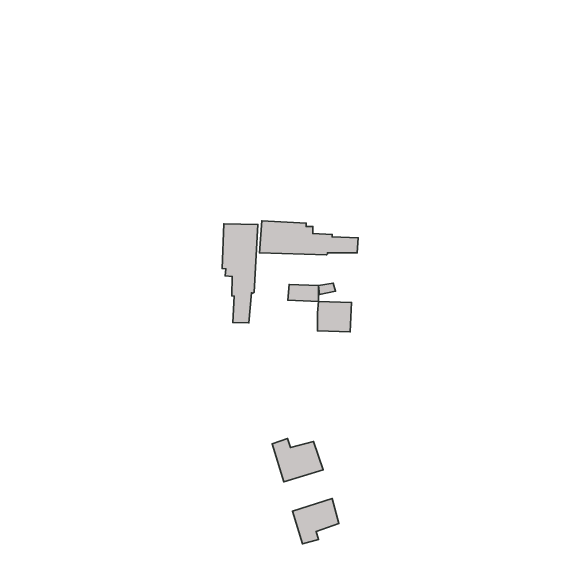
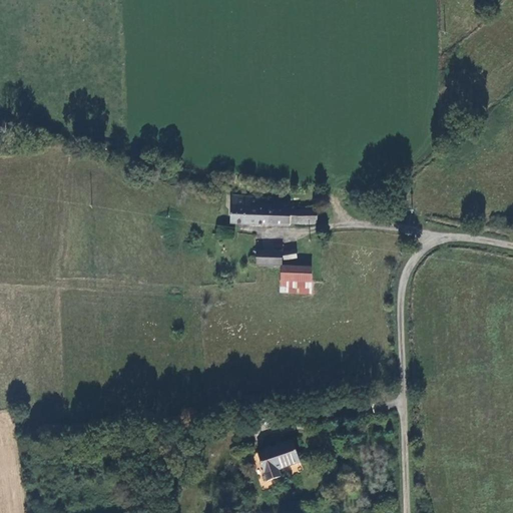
building: [222,224,258,323] -> none
building: [272,439,323,482] -> none

